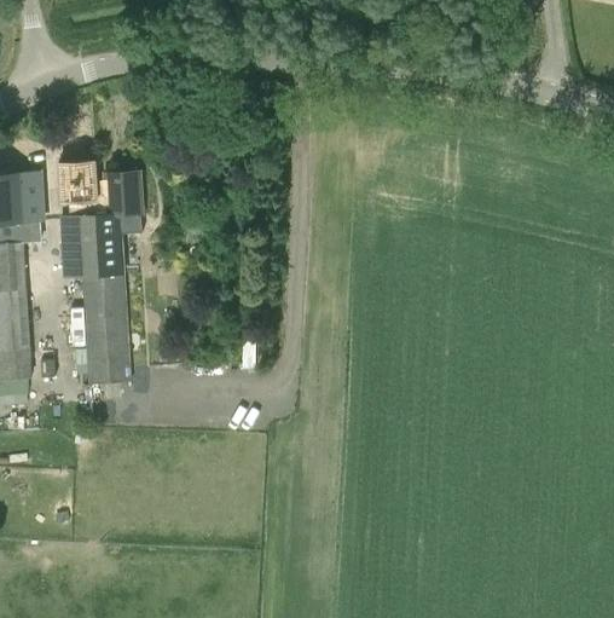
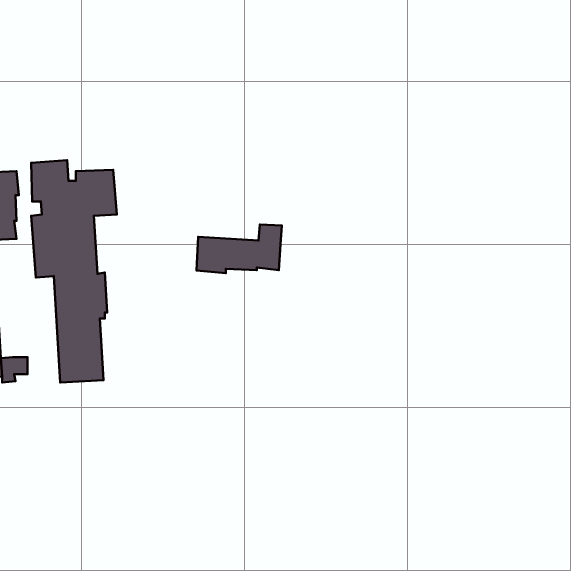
building: none -> [196,224,282,273]

